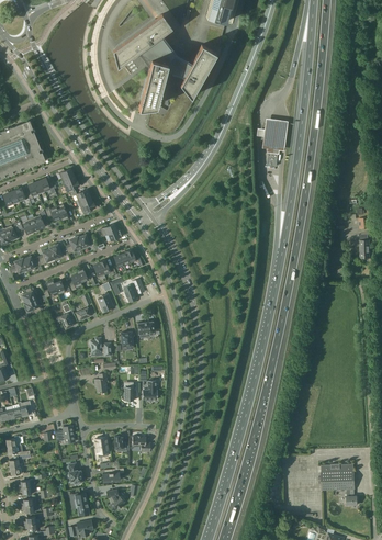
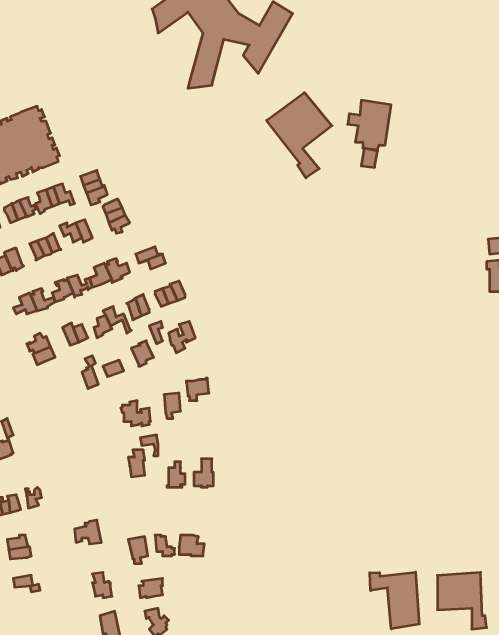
building: none -> [267,93,332,178]
building: none -> [370,572,419,629]

